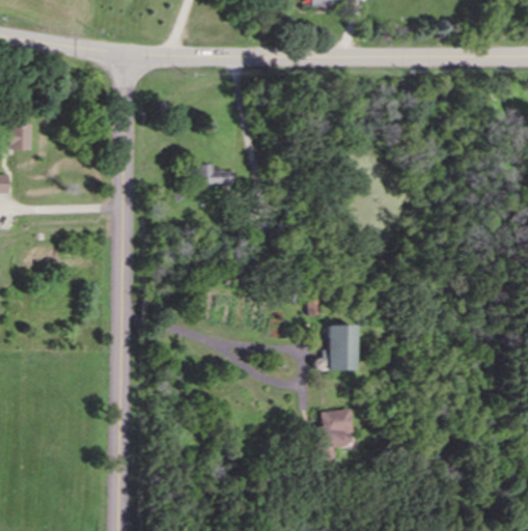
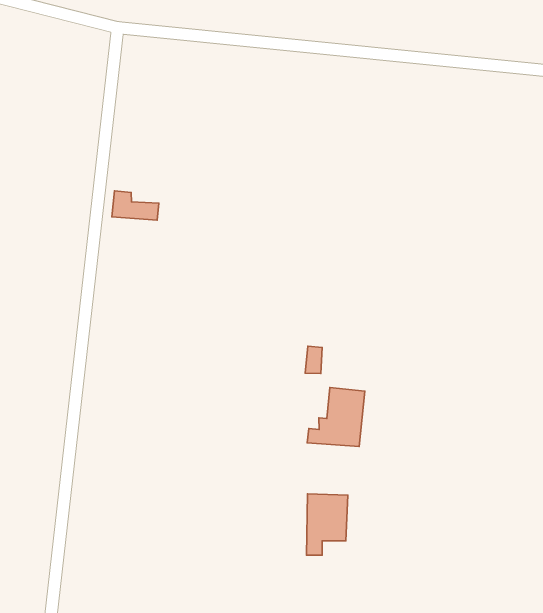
building: [200,164,237,185] -> [112,191,159,220]

